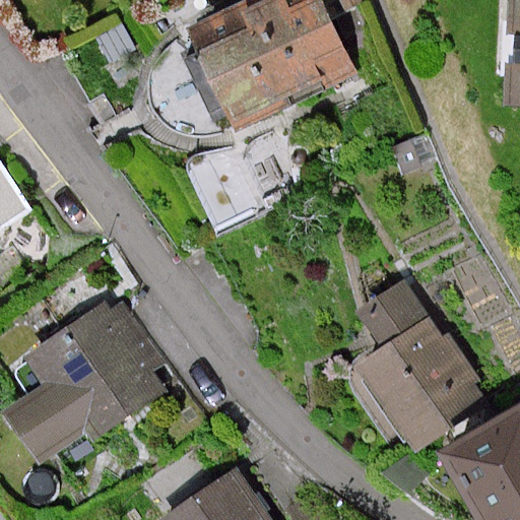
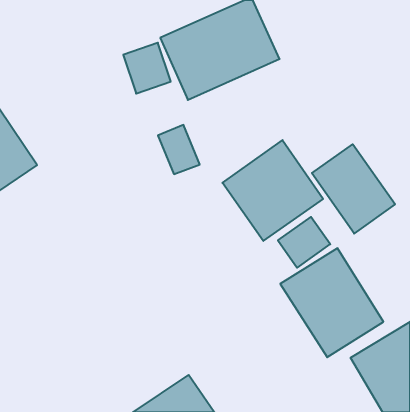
building: none -> [222,140,323,241]
building: none -> [312,144,395,234]
building: [9,301,161,459] -> none

